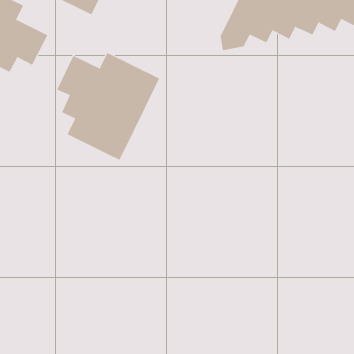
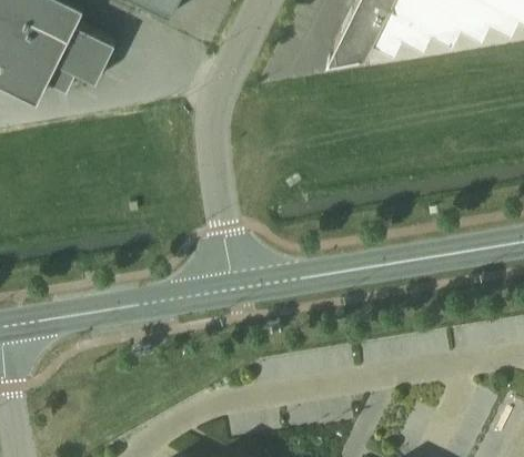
building: [57,52,160,161] -> none

